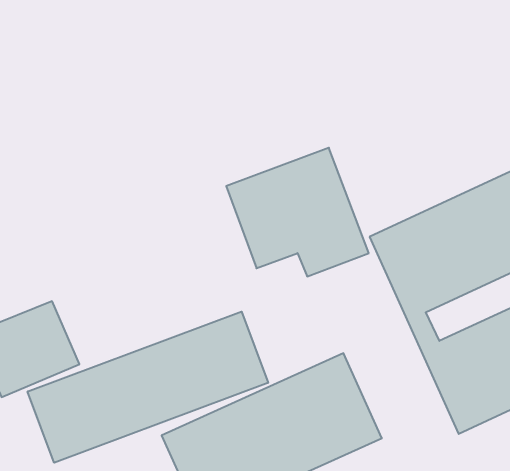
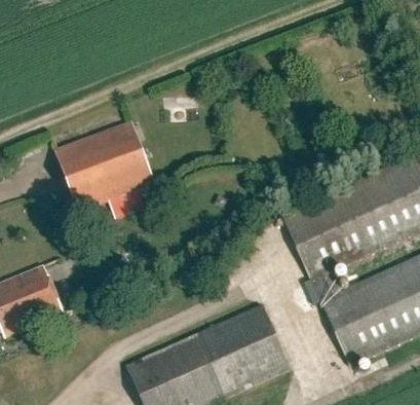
building: [226,148,369,276] -> [54,120,161,217]
building: [28,312,268,463] -> none

